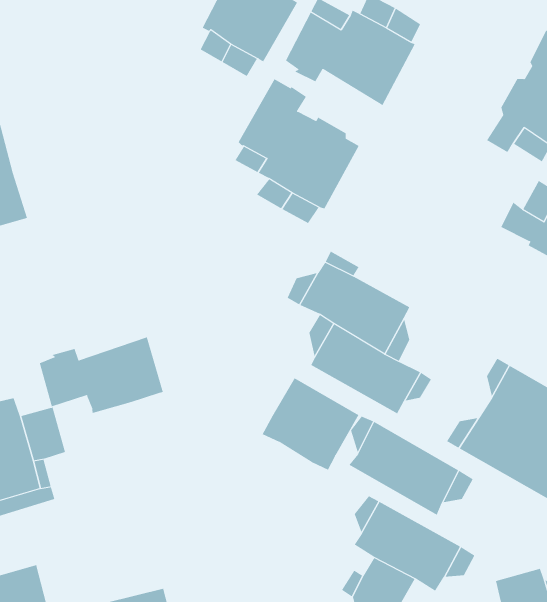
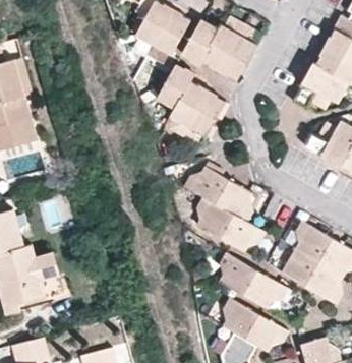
building: [39,337,164,414] -> none
building: [262,377,359,470] -> none

